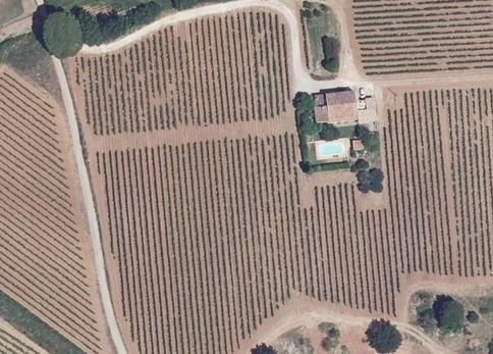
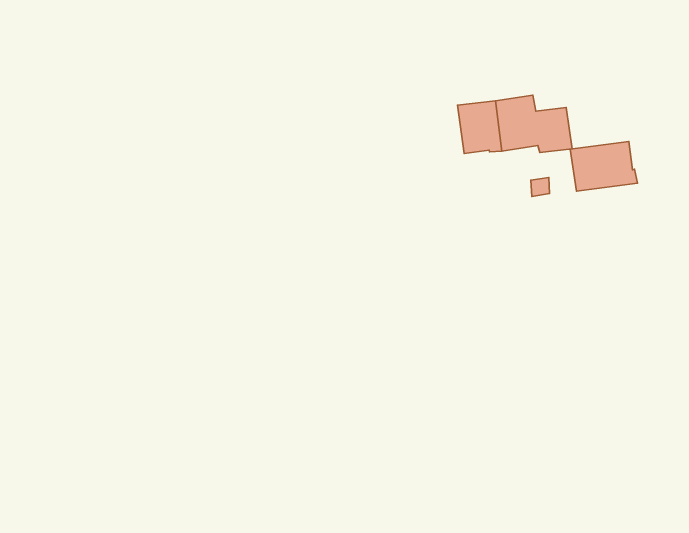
building: none -> [570,142,638,191]

